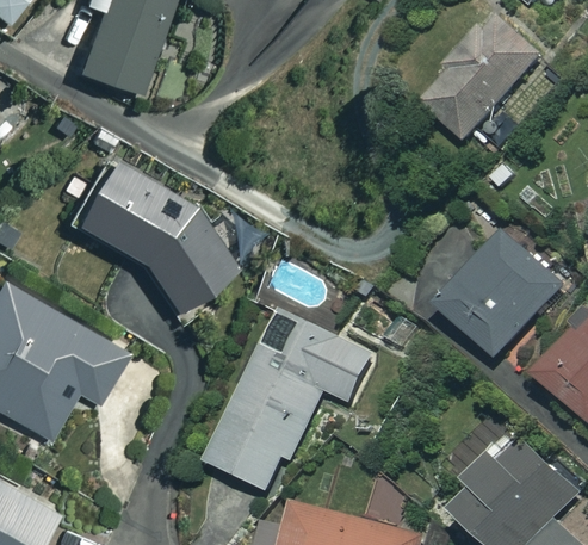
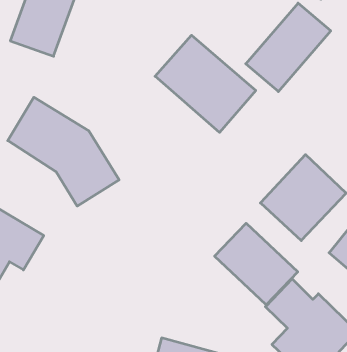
building: none -> [155,35,256,132]
building: [205,311,373,493] -> none
building: none -> [215,223,298,305]

